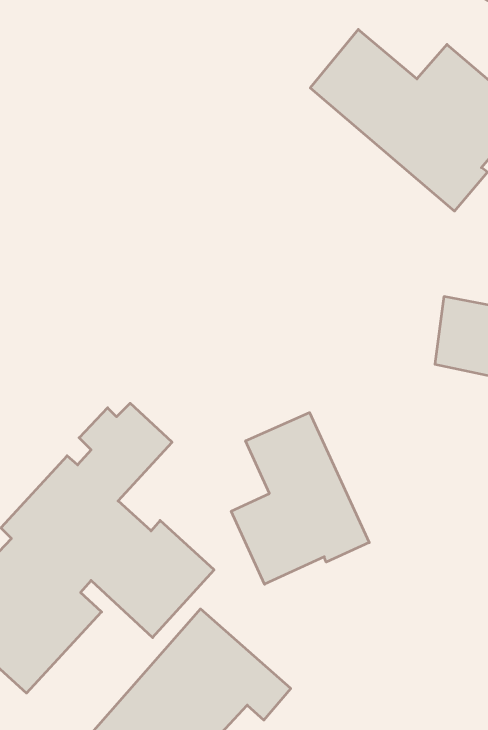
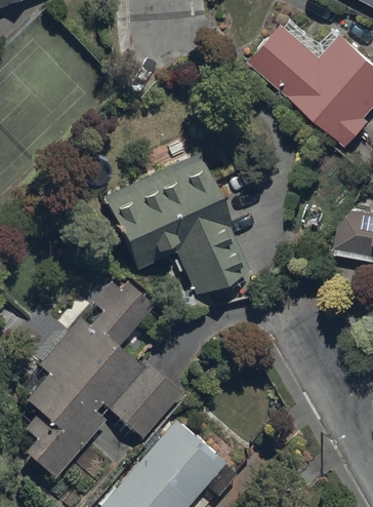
building: none -> [102,152,248,296]
building: [231,413,369,584] -> none

